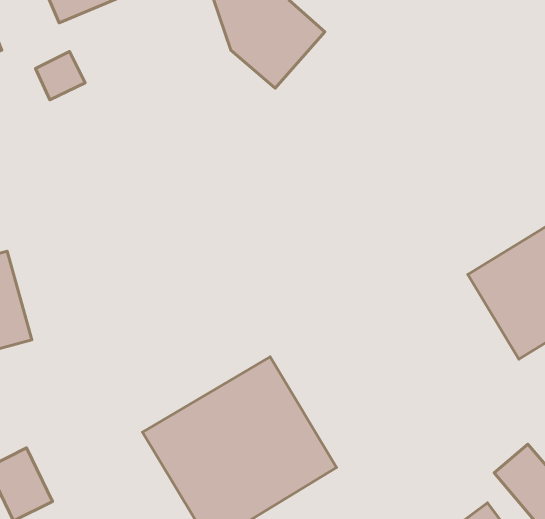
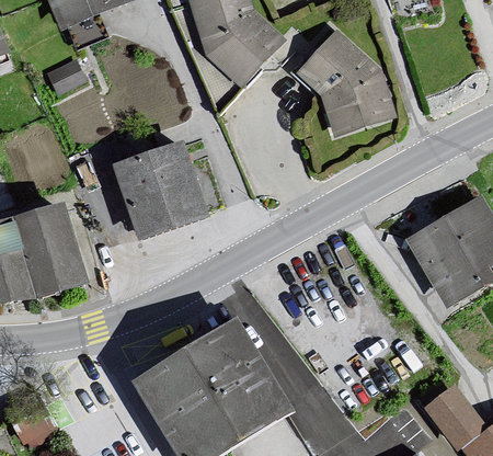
building: none -> [294,27,394,137]
building: none -> [112,142,210,243]
building: none -> [15,205,90,299]

